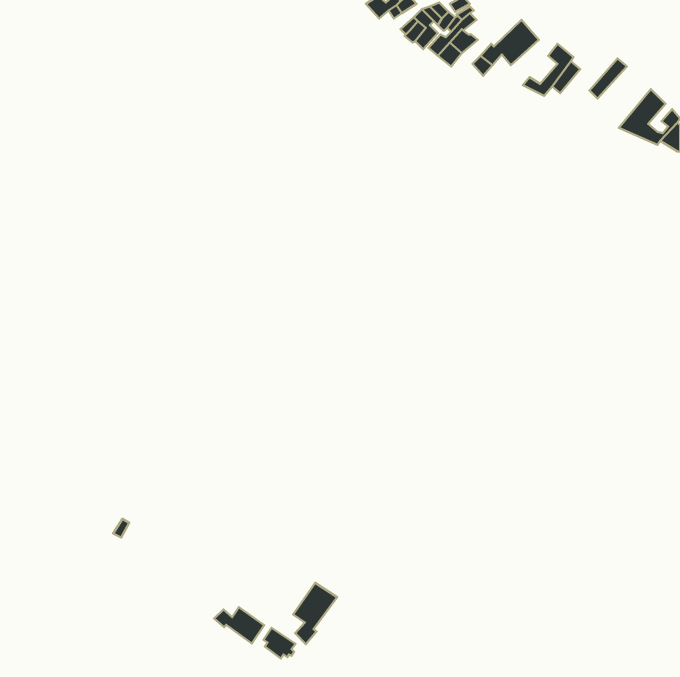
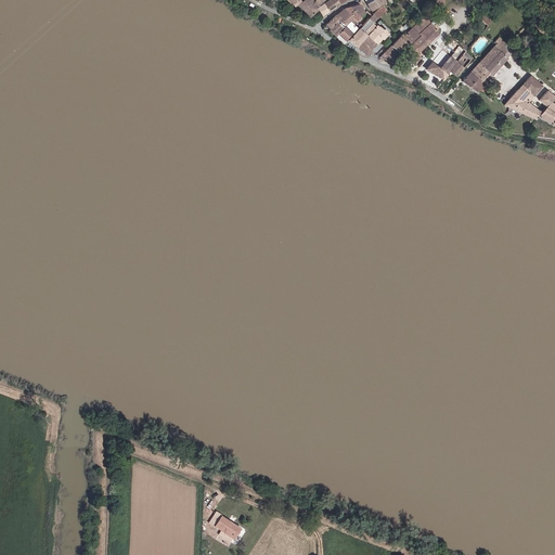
building: none -> [462,37,506,92]
building: [293,583,337,644] -> none
building: [214,607,264,644] -> none

